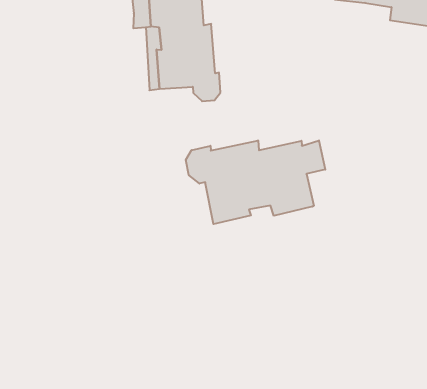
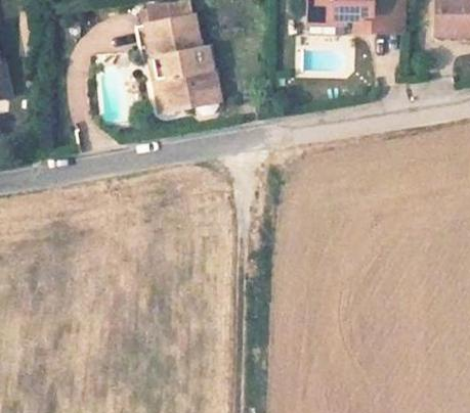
building: [186,140,325,224] -> none

